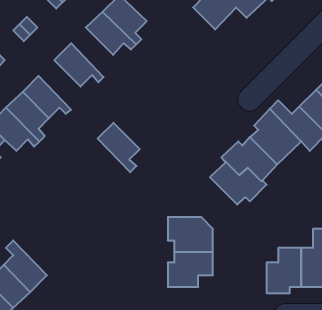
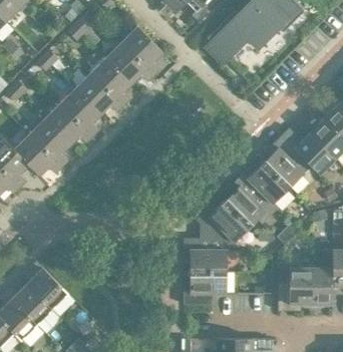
building: none -> [91,58,131,105]
building: [98,123,140,172] -> [60,89,100,136]
building: none -> [196,201,250,250]

